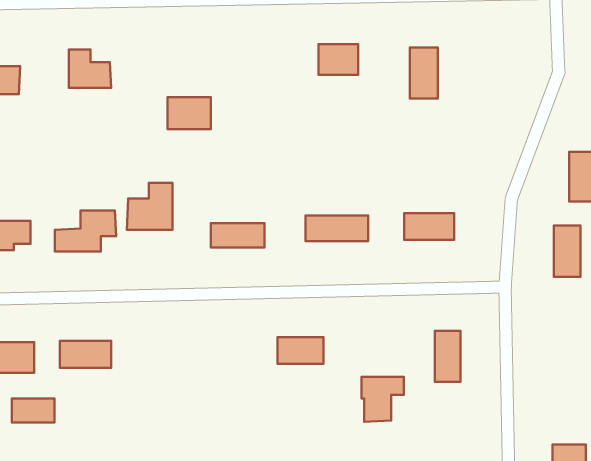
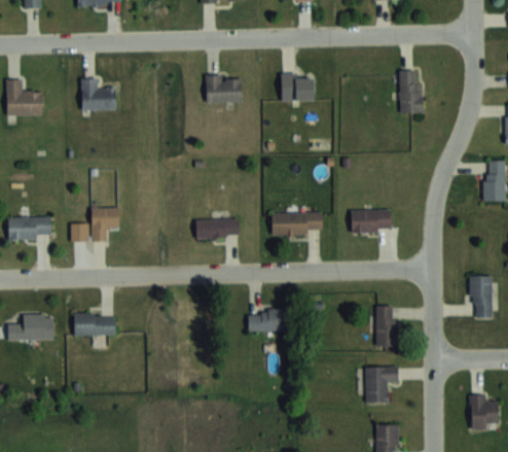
building: [410,47,438,99] -> [400,71,423,112]
building: [167,97,211,129] -> [207,75,242,101]
building: [127,183,173,230] -> none
building: [554,226,581,277] -> [471,276,493,317]
building: [362,377,404,422] -> [364,367,398,403]
building: [12,399,55,423] -> none

